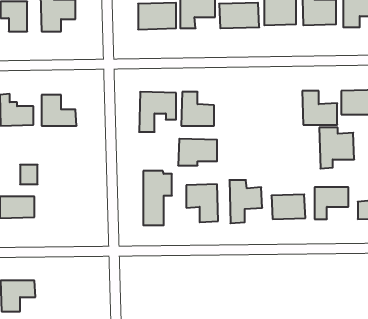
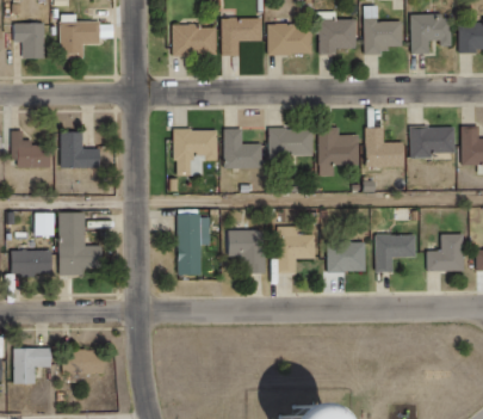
building: [319,128,354,169] -> [316,128,357,175]
building: [178,139,217,165] -> [266,127,311,158]
building: none -> [57,211,100,275]
building: none -> [62,350,106,374]

